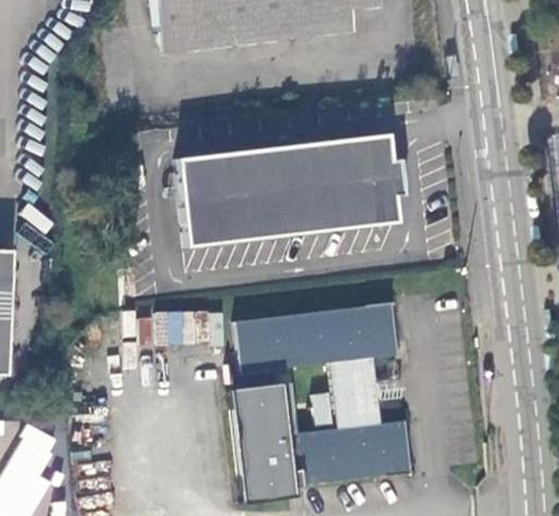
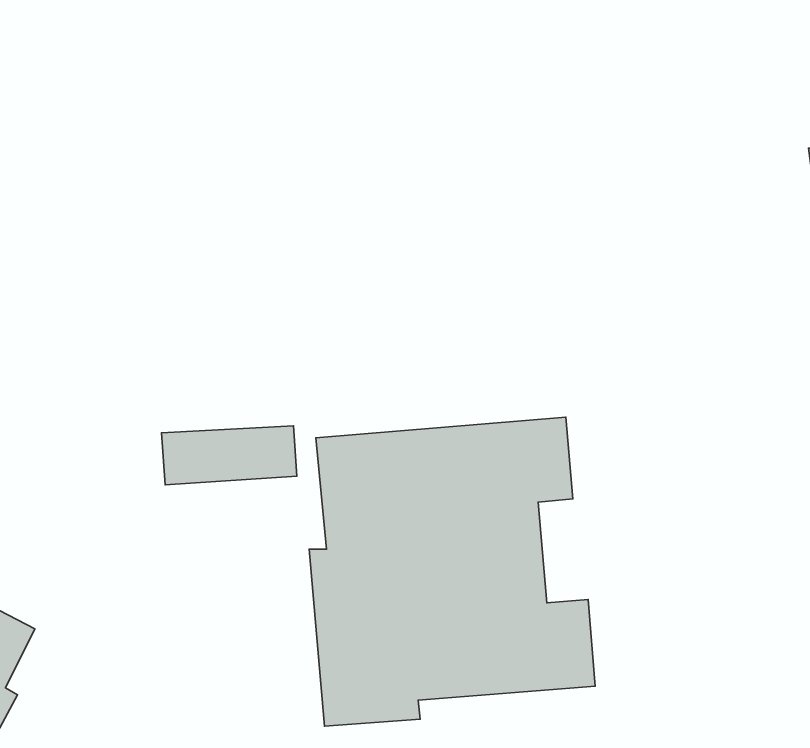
building: [177,136,404,246] -> none

